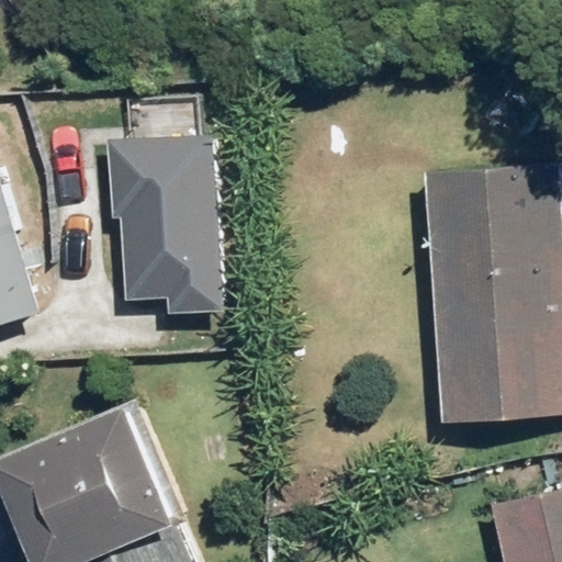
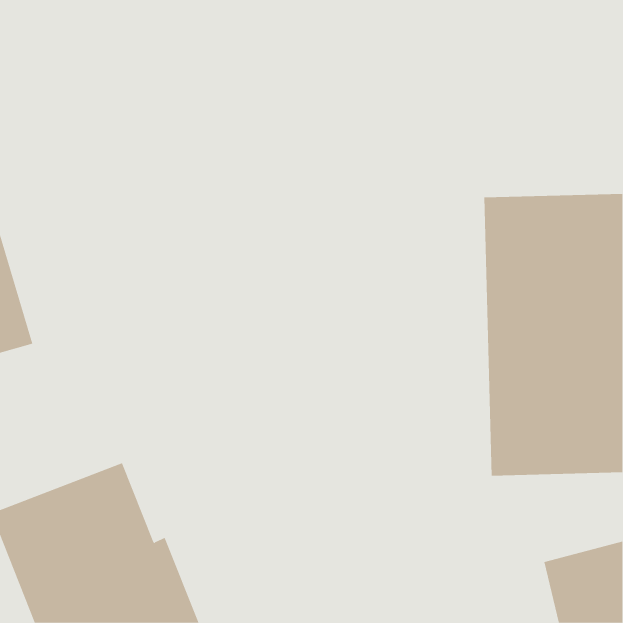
building: [115,133,231,307] -> none

